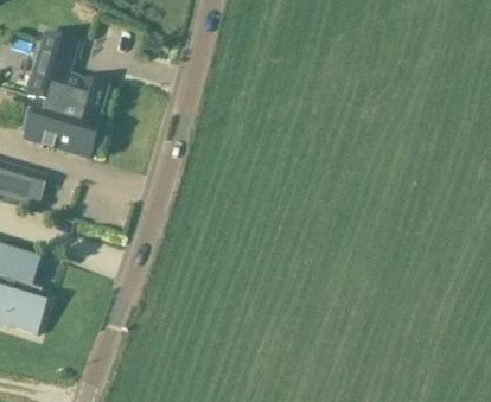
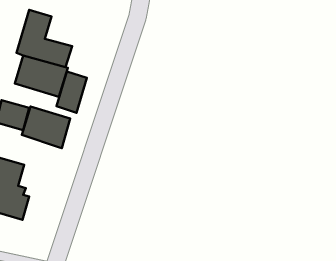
building: none -> [56,71,87,113]
building: none -> [22,107,70,148]

